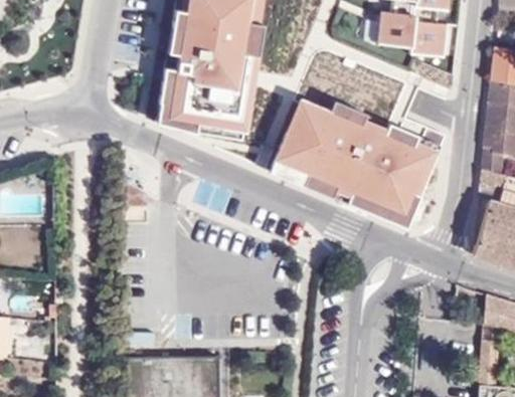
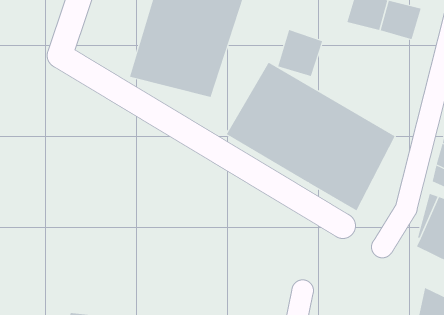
building: none -> [278,29,323,77]

